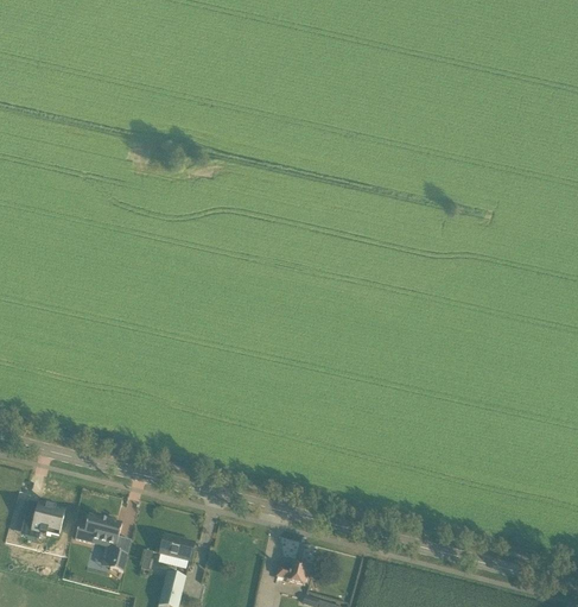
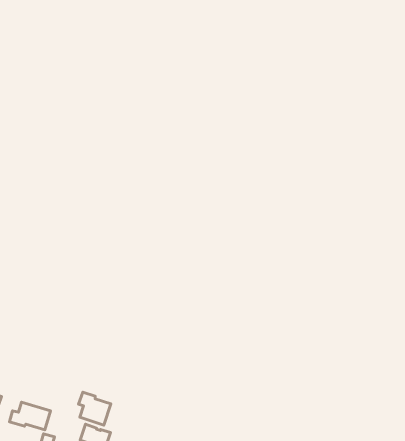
building: none -> [79,392,111,425]

